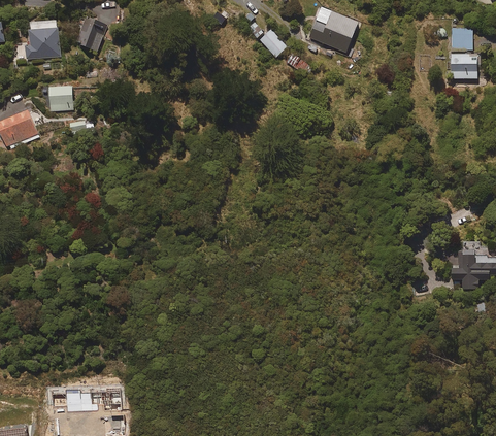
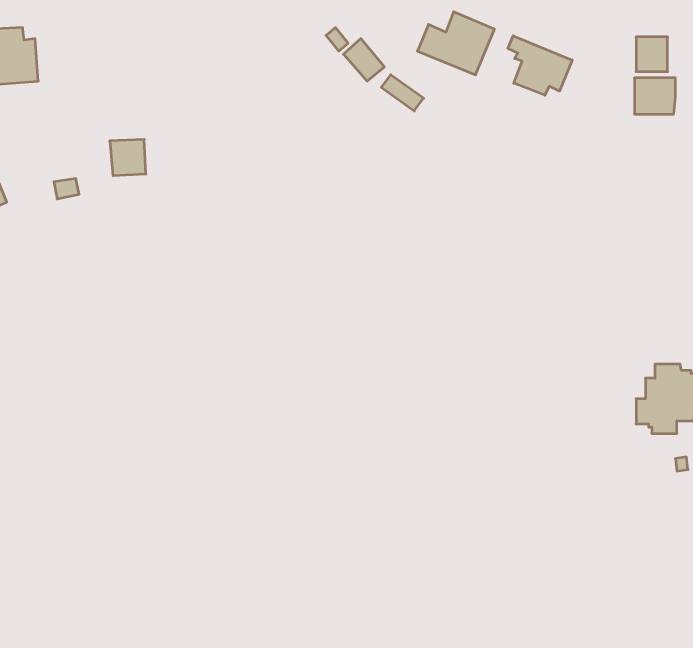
building: [75,18,106,53] -> none
building: none -> [508,36,572,95]
building: [48,87,72,110] -> [110,139,146,176]

